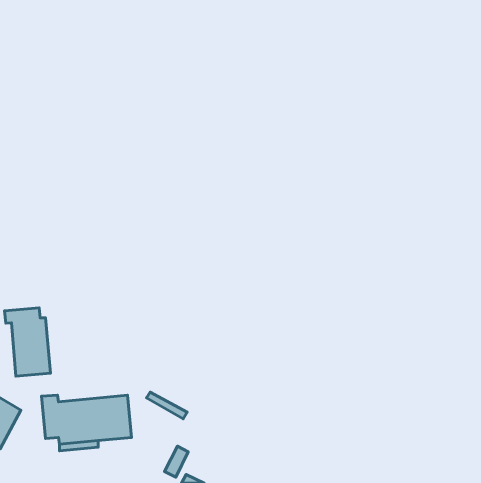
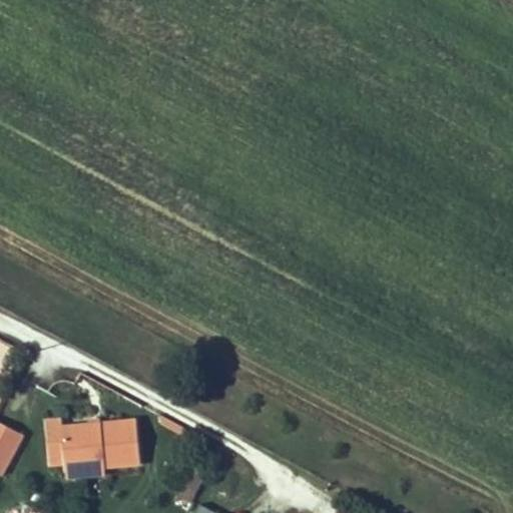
building: [4,308,50,376] -> none

